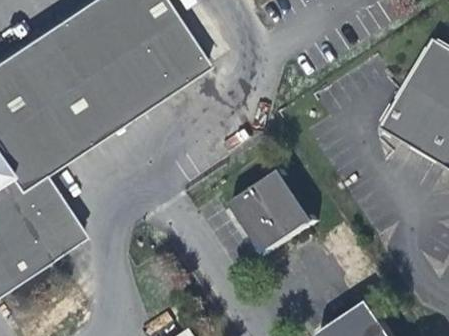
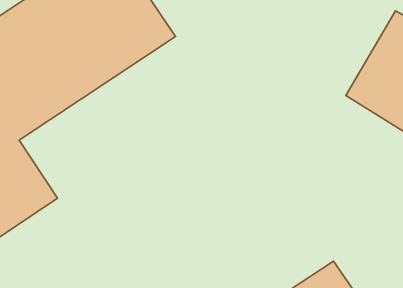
building: [236,173,319,256] -> none

